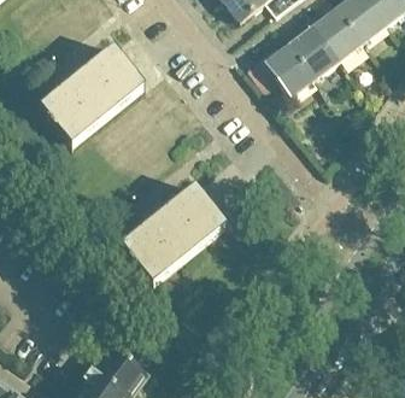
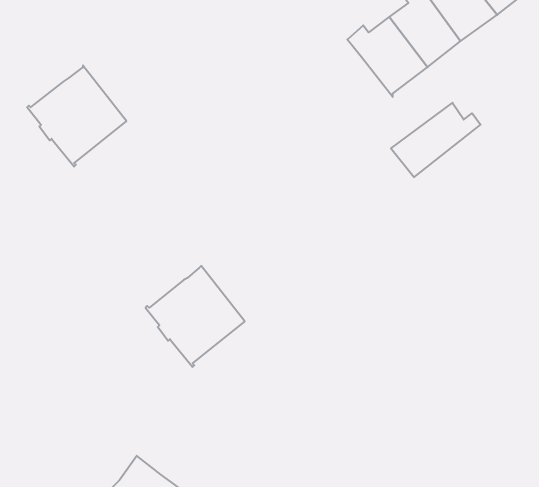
building: [76,46,145,115] -> none
building: none -> [391,103,481,177]
building: [158,185,227,253] -> none

